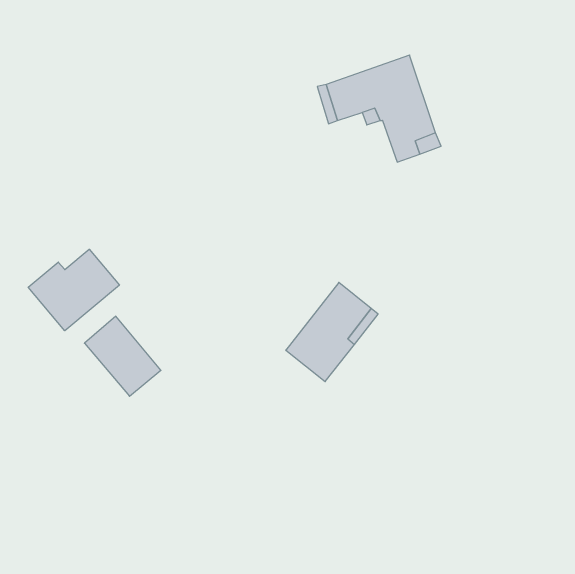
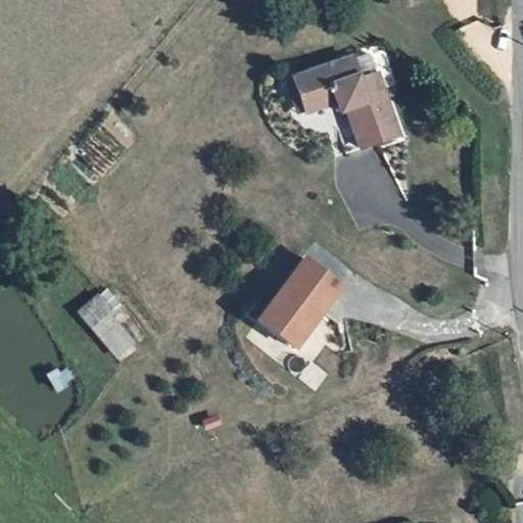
building: [28,249,119,331] -> none

